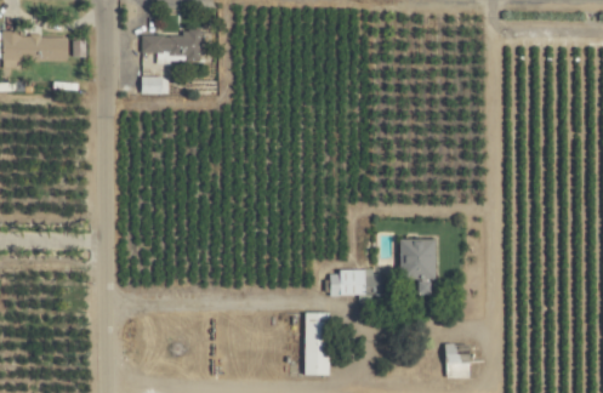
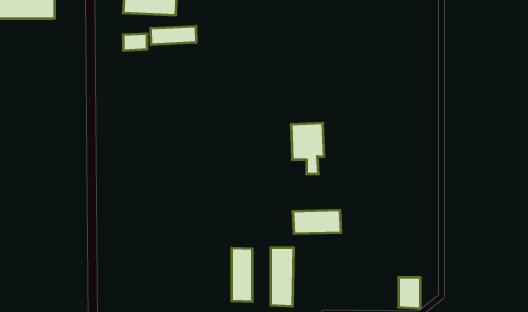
building: none -> [151,26,196,45]
building: [399,239,436,295] -> [291,123,324,174]
building: none -> [232,248,252,302]

